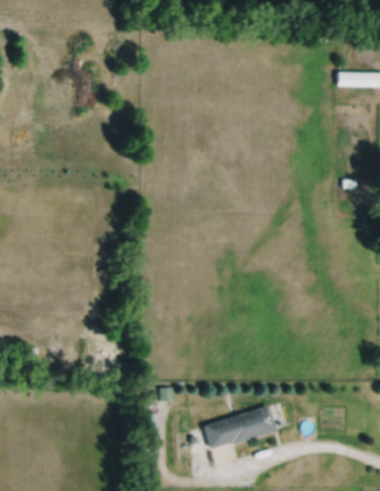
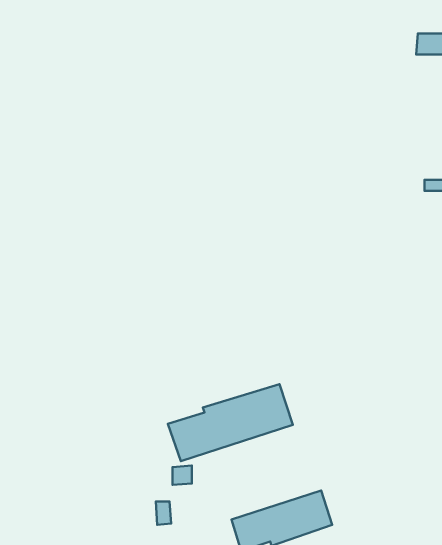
building: none -> [168,384,293,461]

